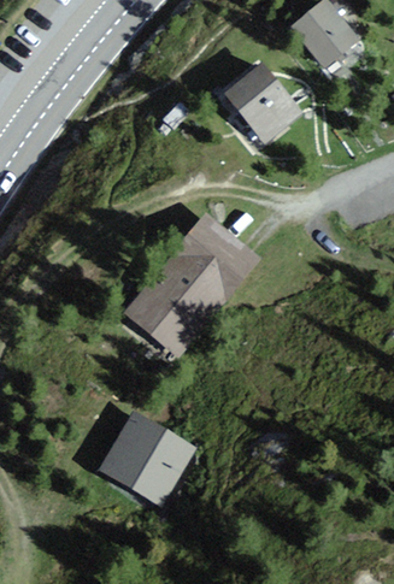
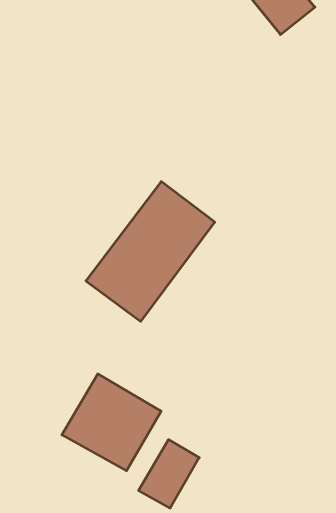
building: [220,63,299,144] -> none
building: none -> [139,440,199,508]

